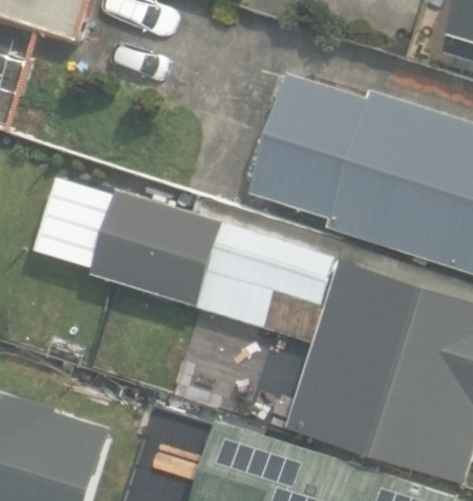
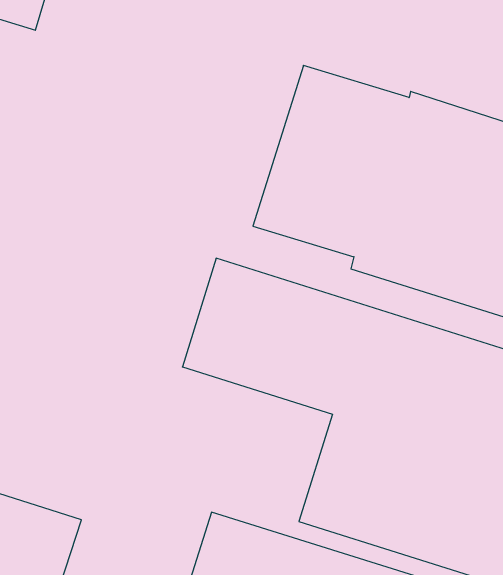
building: [87,187,202,299] -> none

